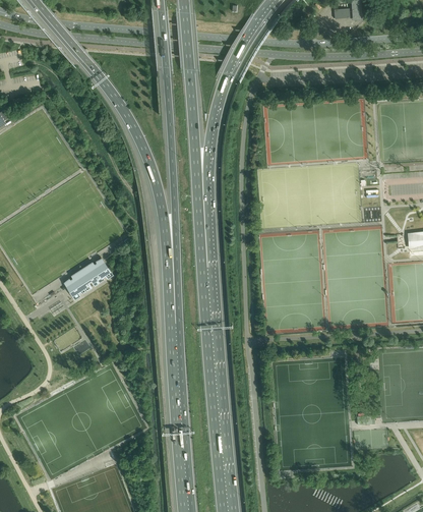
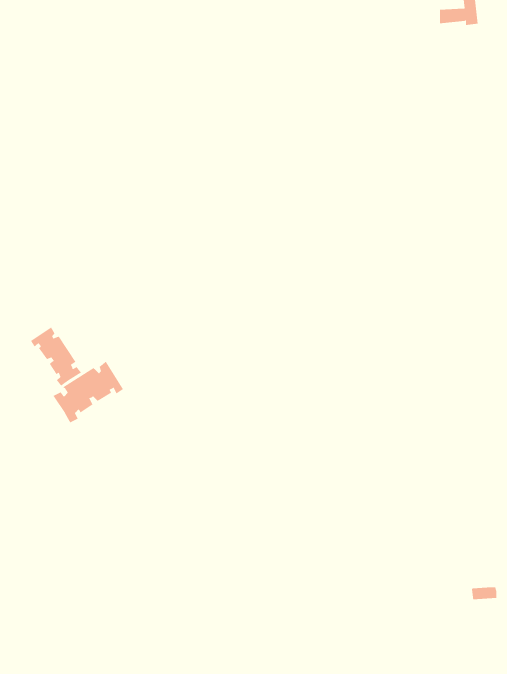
building: none -> [30,326,82,387]

